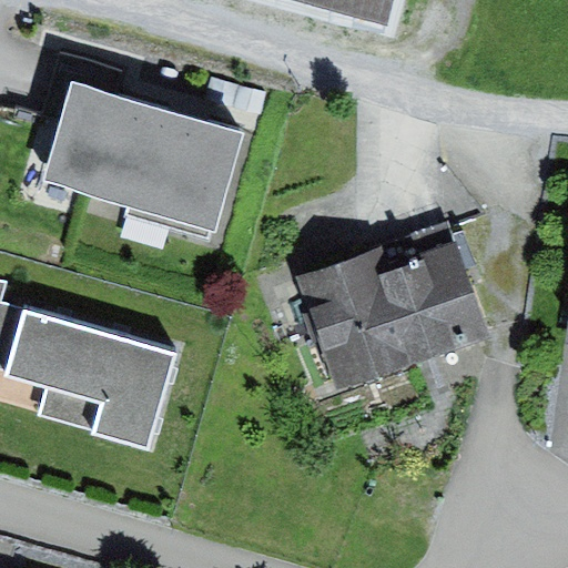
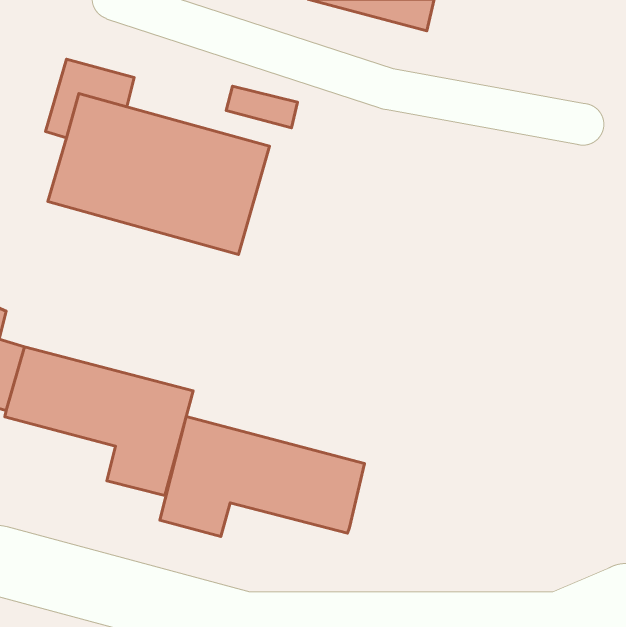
building: [294,223,488,393] -> none
building: none -> [160,417,364,537]

